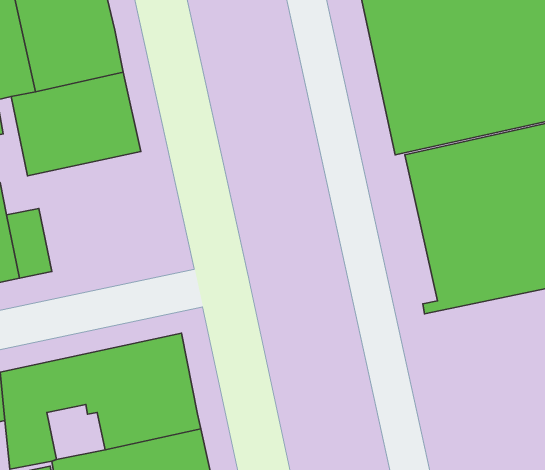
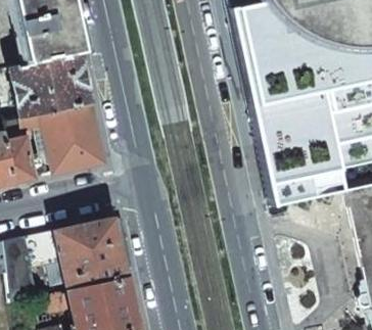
building: none -> [20,102,105,174]

